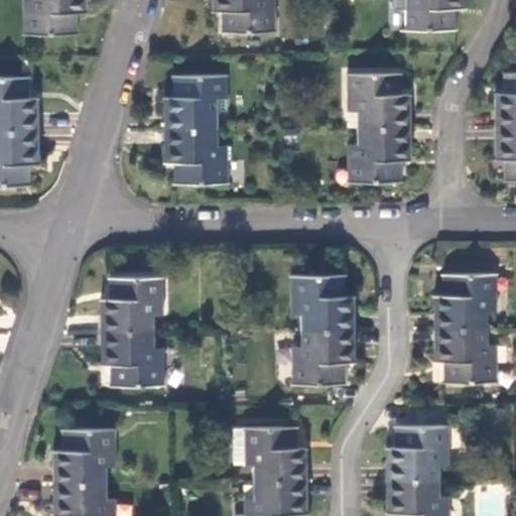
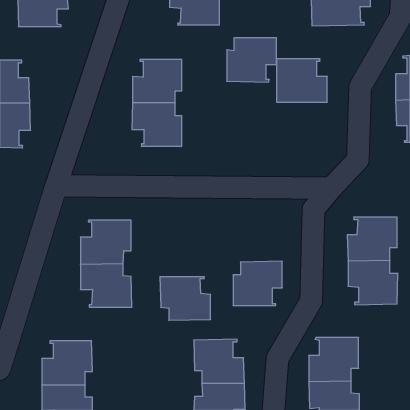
building: [348,128,410,183] -> [227,38,277,82]
building: [290,274,354,329] -> [160,277,211,320]

